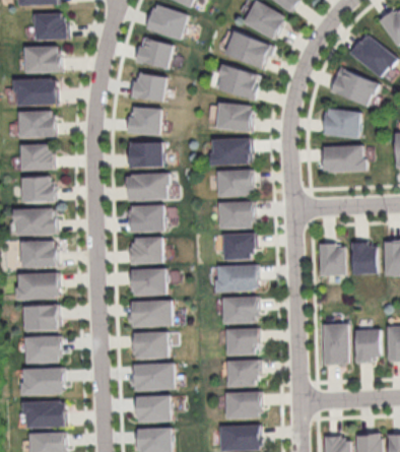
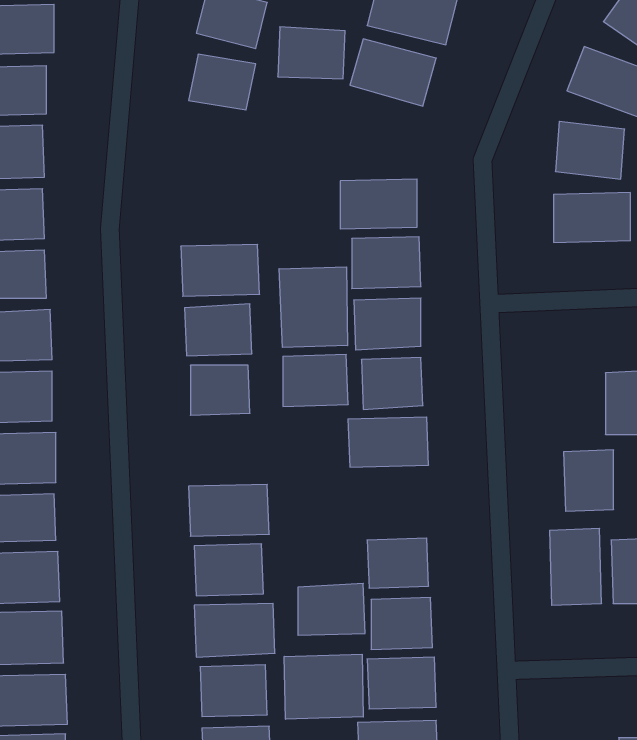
building: [216,103,252,130] -> [278,27,345,79]
building: [127,107,159,134] -> none
building: [127,142,161,168] -> none
building: none -> [279,267,348,347]
building: [318,243,344,275] -> [564,450,614,511]
building: [132,267,166,295] -> [283,355,348,406]
building: [221,296,257,323] -> [298,583,365,635]
building: none -> [284,654,363,719]

